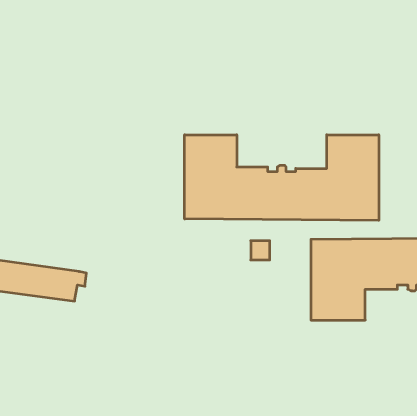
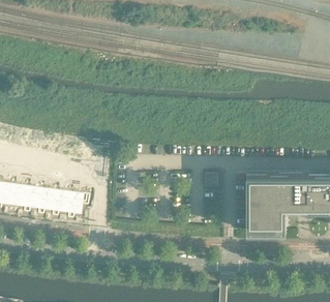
building: [185,135,379,220] -> none

